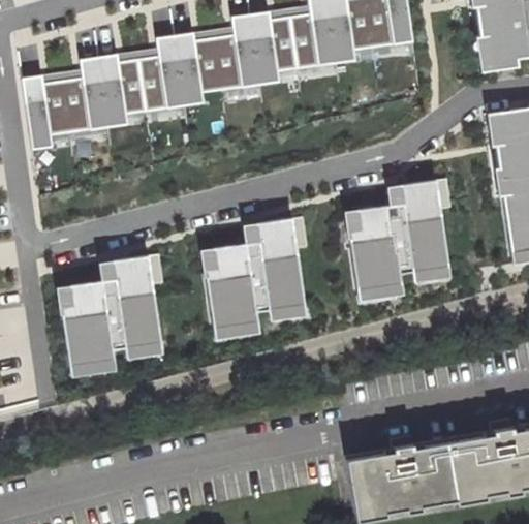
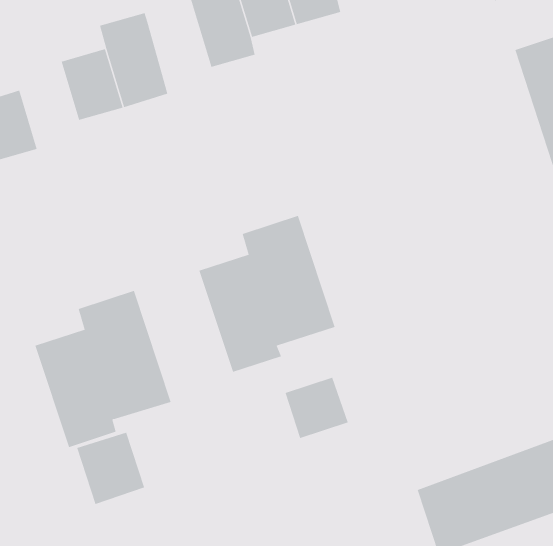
building: [196,36,241,91] -> none
building: [81,55,127,129] -> none
building: [346,181,449,300] -> none
building: none -> [285,377,348,439]
building: none -> [76,432,145,505]

